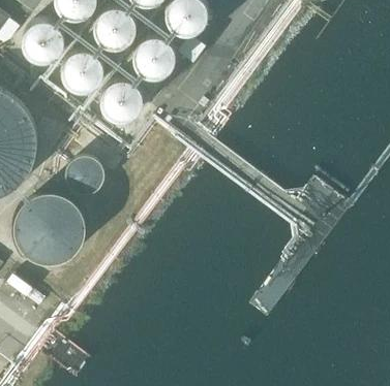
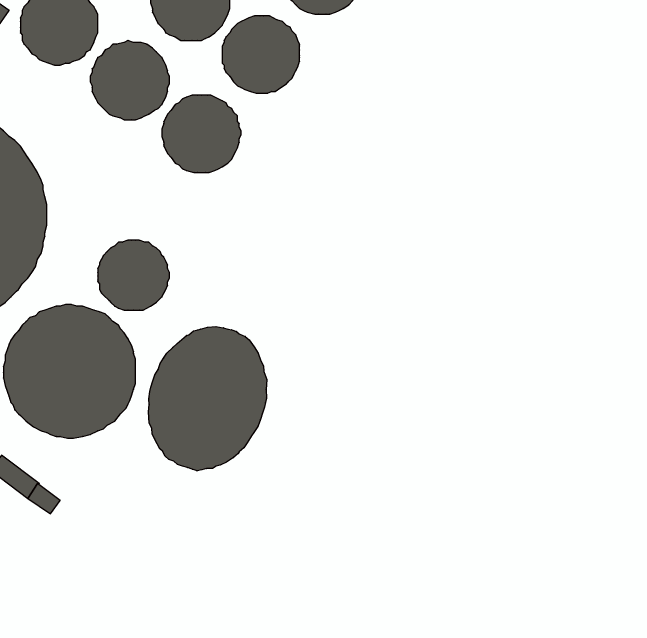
building: none -> [148,327,267,471]

